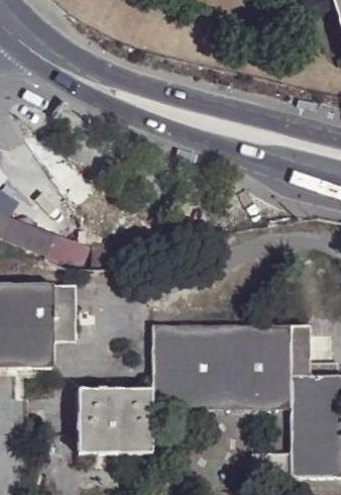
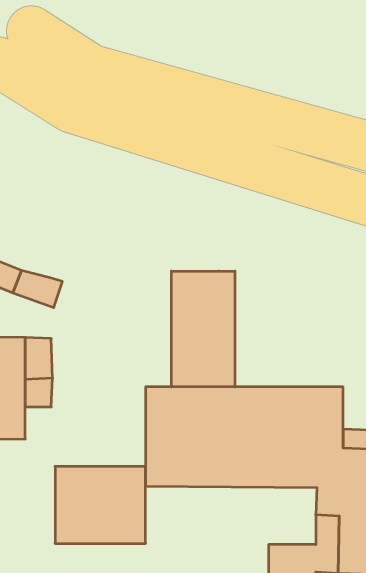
building: none -> [171,271,235,387]

